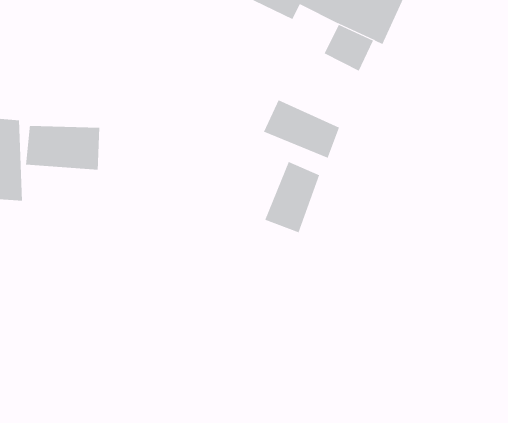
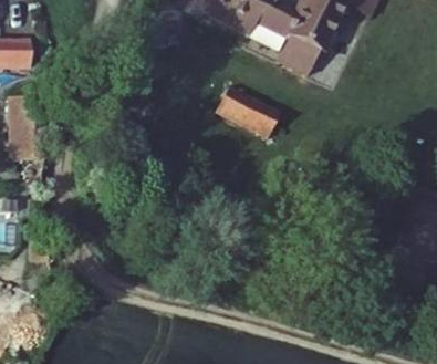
building: [26,125,100,170] -> none
building: [264,161,320,233] -> none

